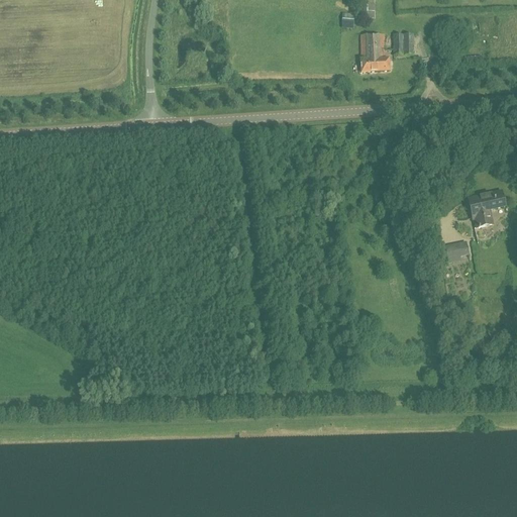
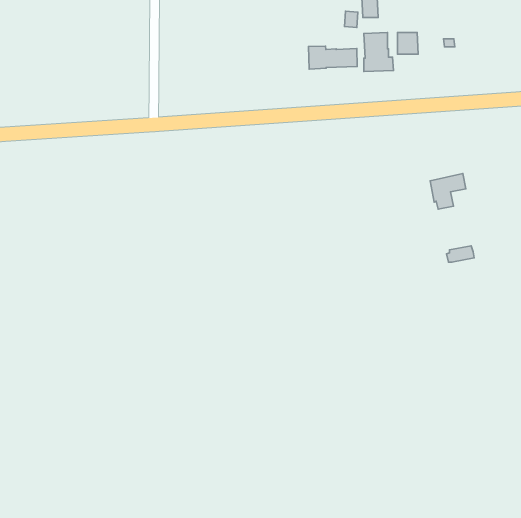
building: none -> [309,46,357,69]
building: [469,190,504,225] -> [430,174,466,209]

